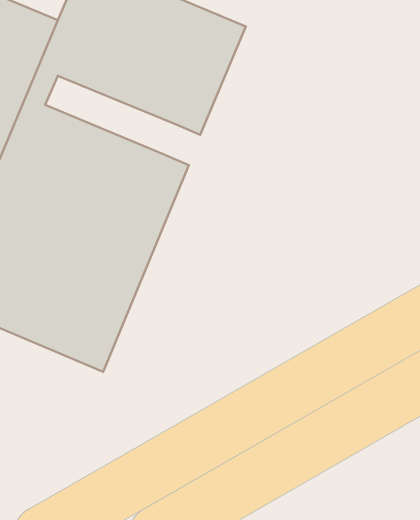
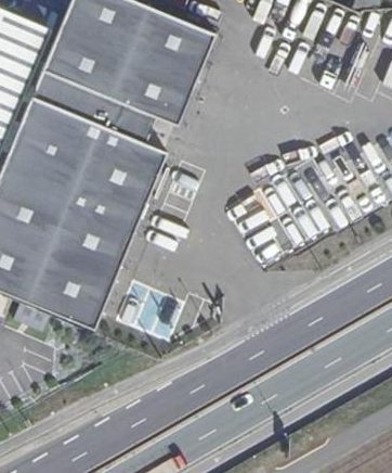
building: none -> [41,76,152,143]

